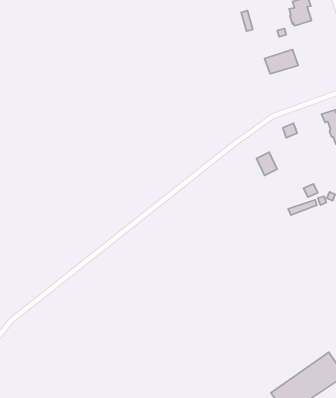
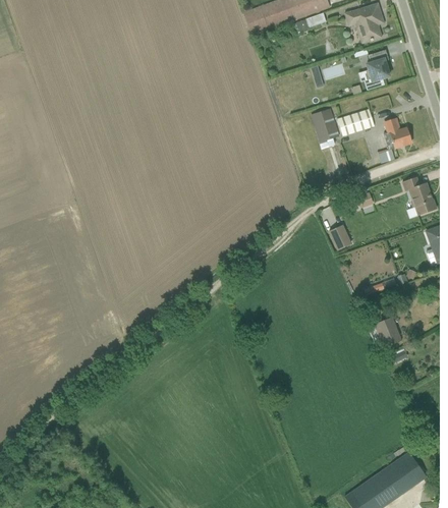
building: none -> [312,108,340,146]
building: none -> [379,118,412,163]
building: none -> [369,316,403,350]

